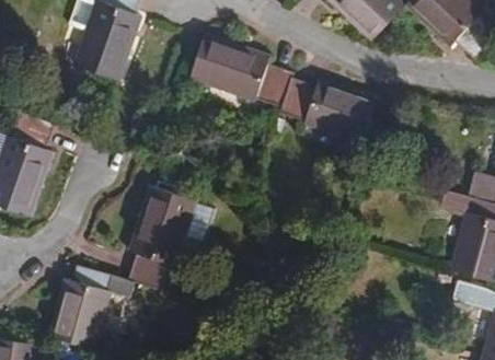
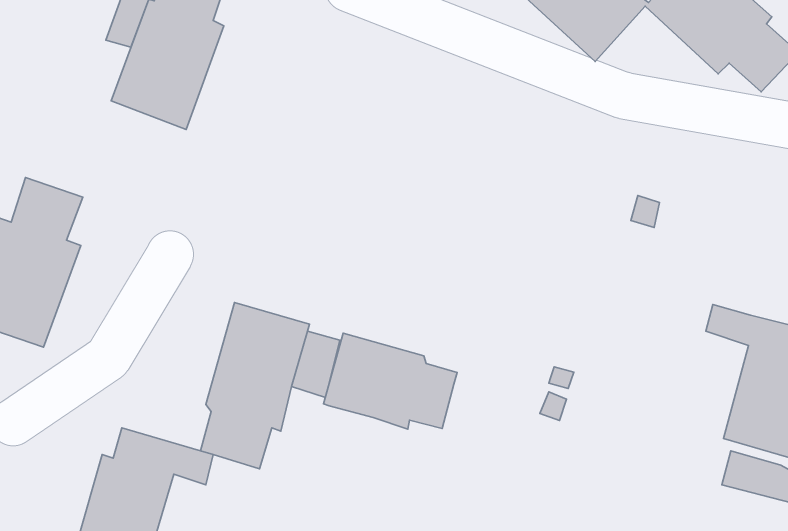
building: [186,35,371,143] -> none
building: none -> [324,333,457,429]

